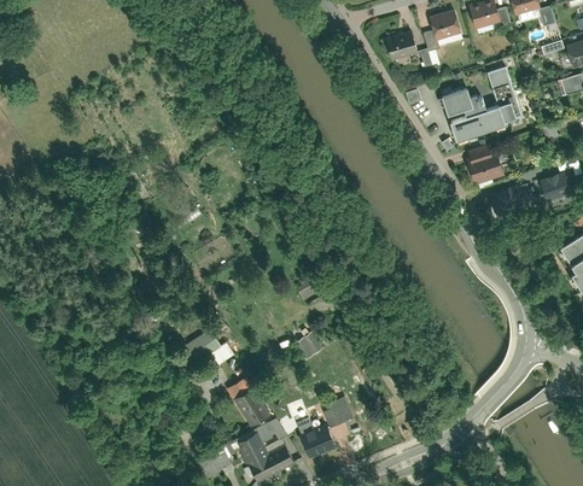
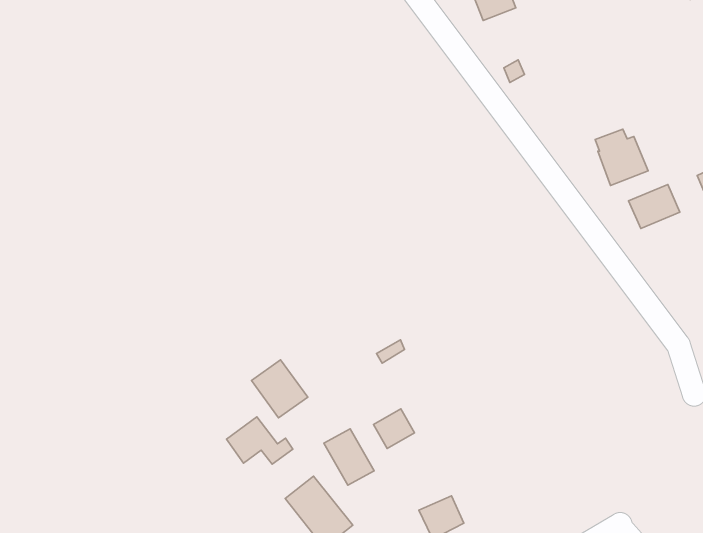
building: [442,62,518,140] -> none
building: none -> [251,360,308,418]
building: none -> [324,429,374,485]

